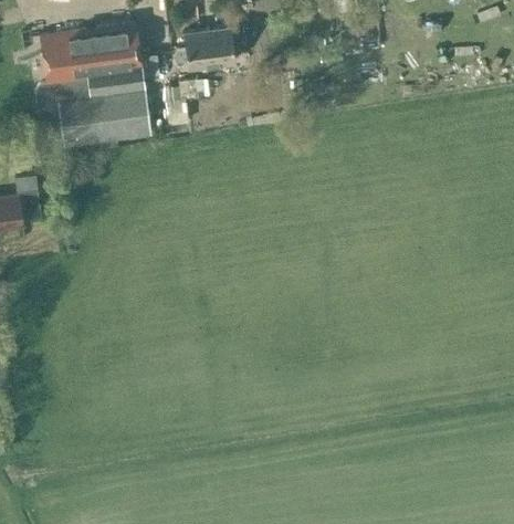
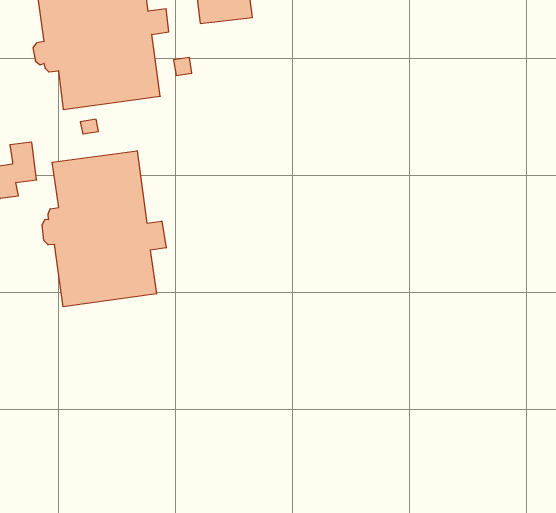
building: none -> [42,151,166,307]

